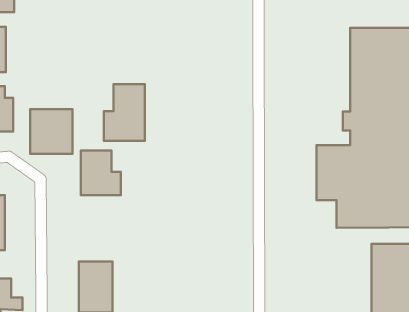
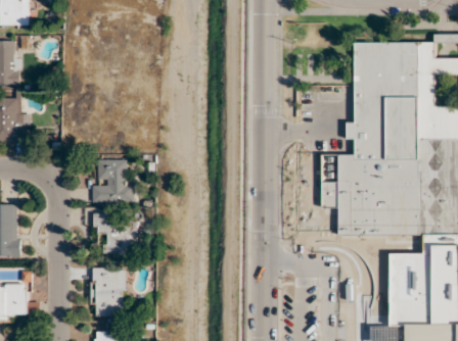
building: [104,84,145,141] -> none
building: [30,109,73,154] -> none
building: none -> [94,216,134,255]

